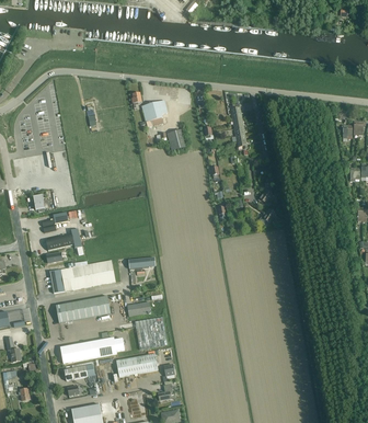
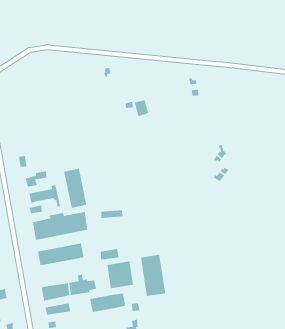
building: [142,99,168,126] -> none
building: none -> [63,168,87,209]
building: none -> [140,254,166,297]

